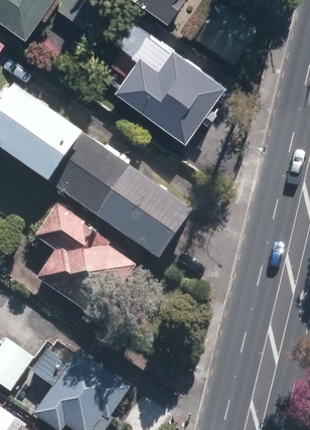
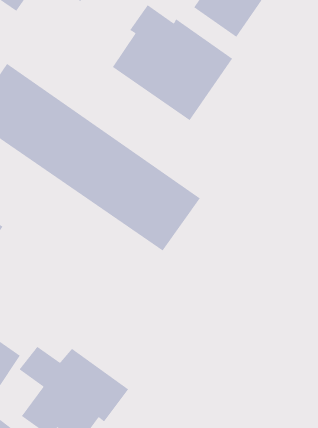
building: [33,203,140,323] -> none

